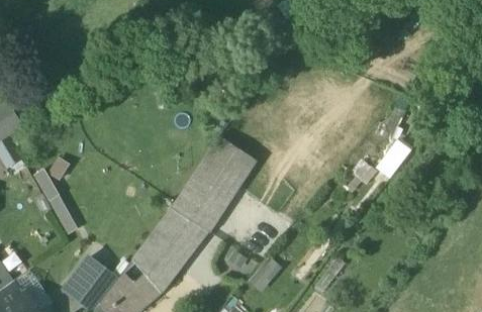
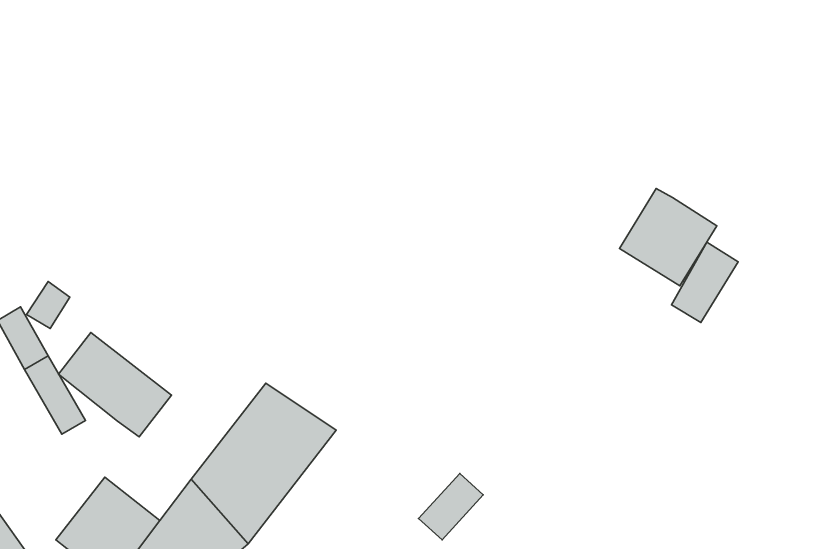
building: none -> [619,189,717,286]
building: [171,136,255,233] -> none
building: none -> [59,333,171,437]

